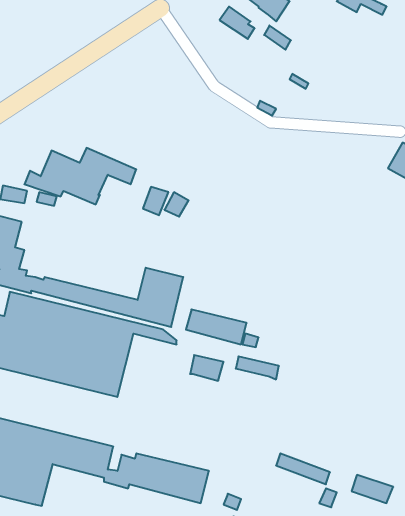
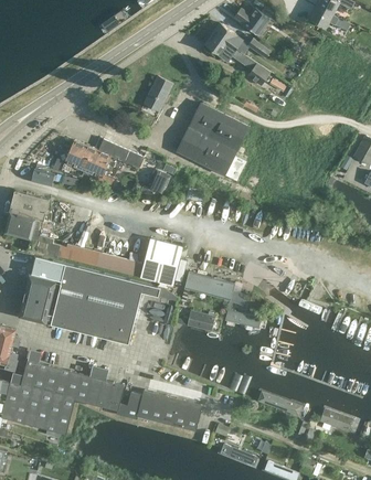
building: none -> [204,34,268,85]
building: none -> [142,77,171,110]
building: none -> [177,104,246,181]

